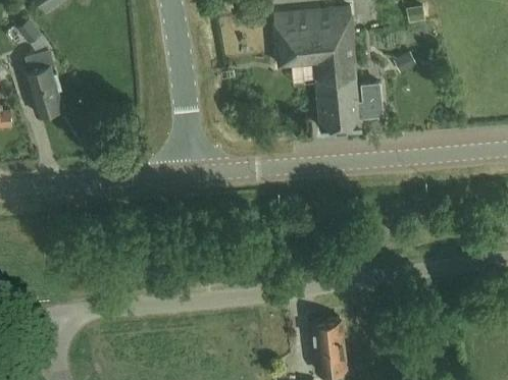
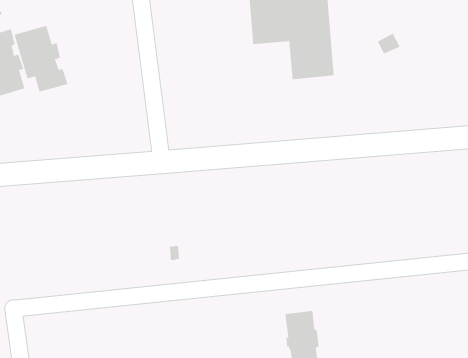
building: none -> [14,25,68,93]
building: [317,84,382,129] -> none

